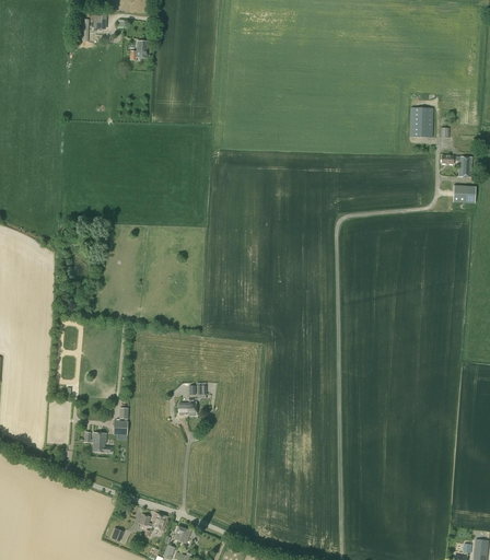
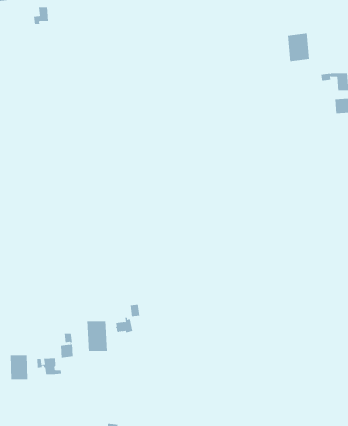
building: none -> [87,321,107,352]
building: none -> [10,355,28,380]

